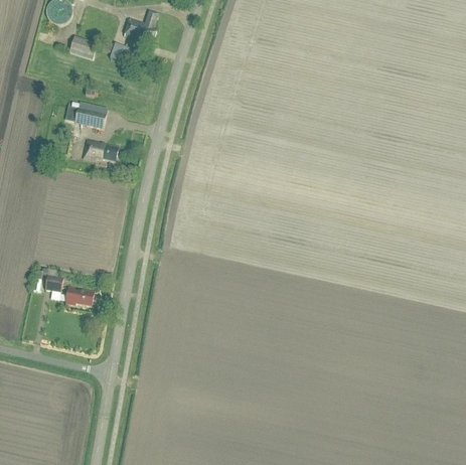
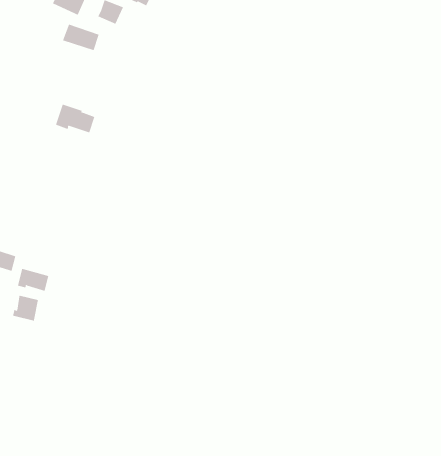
building: [73,106,106,127] -> [62,24,99,51]
building: none -> [12,295,38,321]

